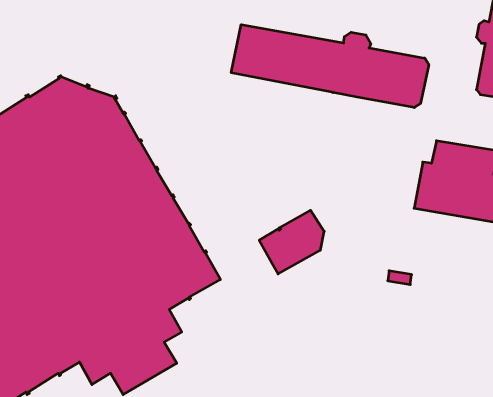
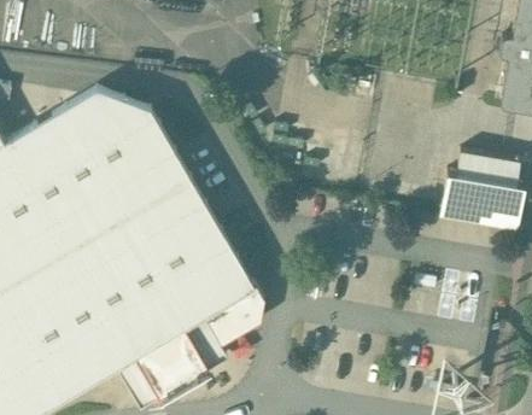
building: [231,25,429,108] -> none
building: [259,210,324,274] -> [203,287,265,349]

